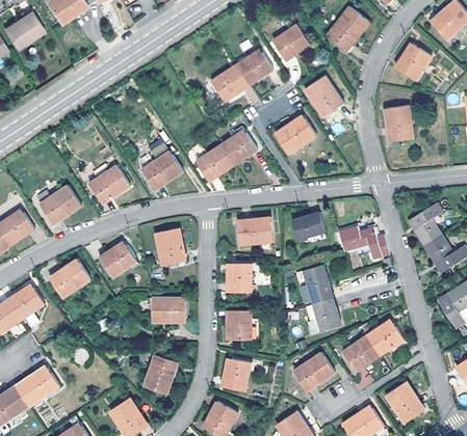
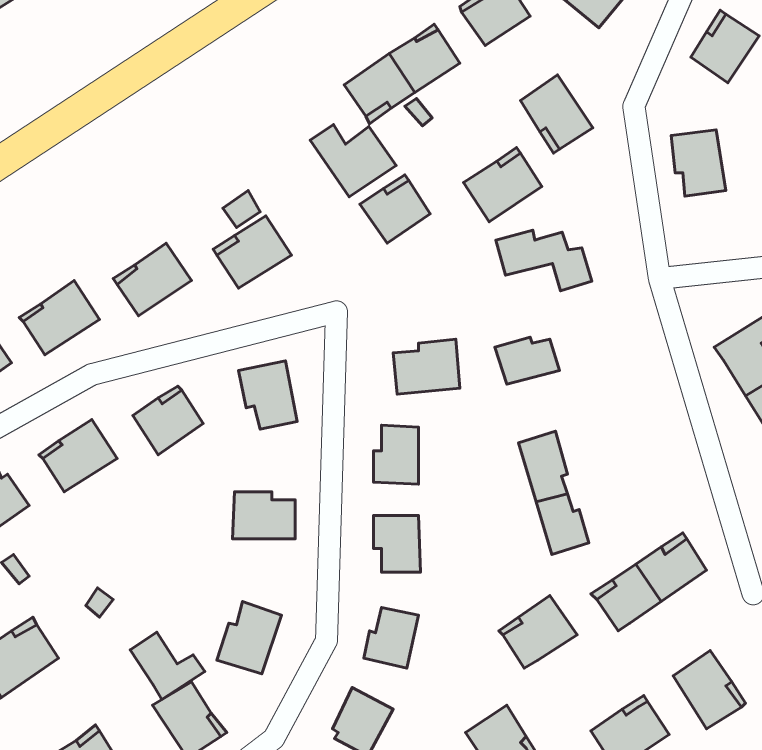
building: [188,144,234,183] -> [310,124,396,197]
building: [338,227,389,260] -> [496,230,592,291]
building: none -> [130,632,205,700]

